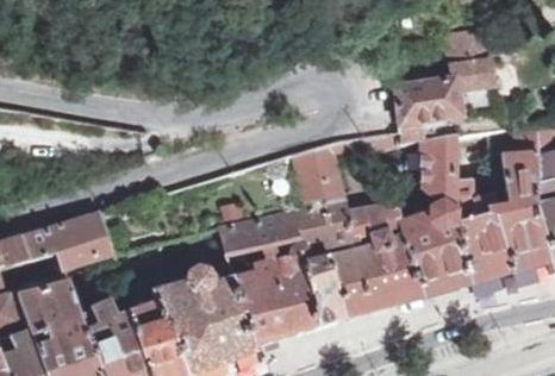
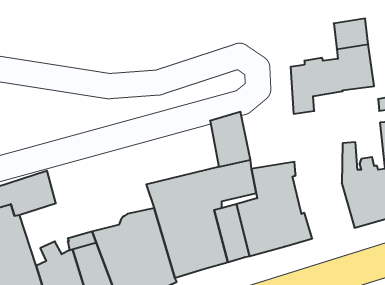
building: [391,134,473,295] -> none

